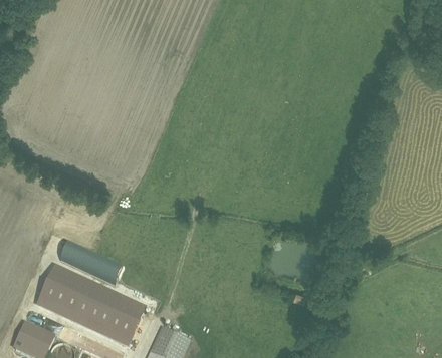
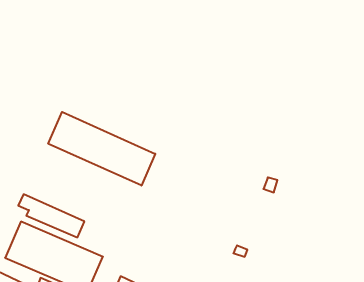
building: none -> [48,112,155,186]

